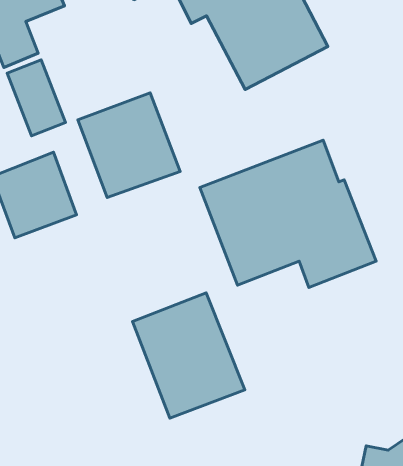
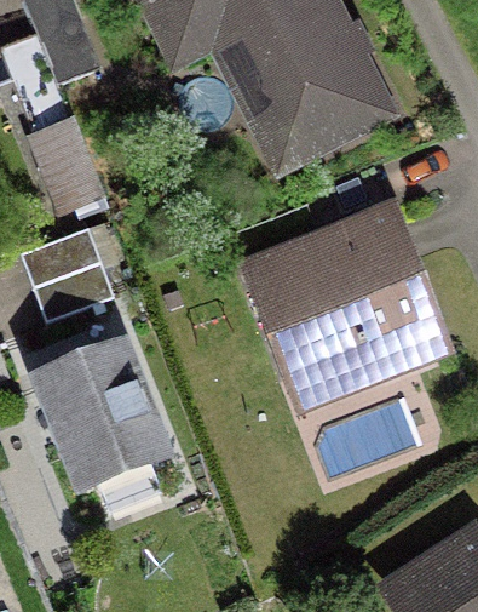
building: [78,93,180,197] -> none
building: [132,293,245,418] -> [40,350,163,488]

